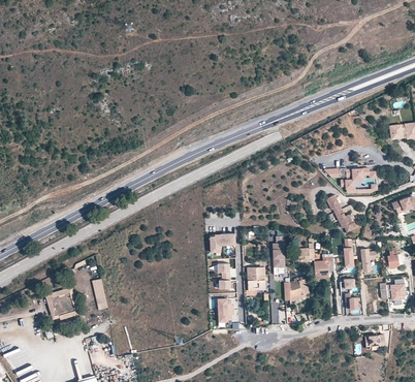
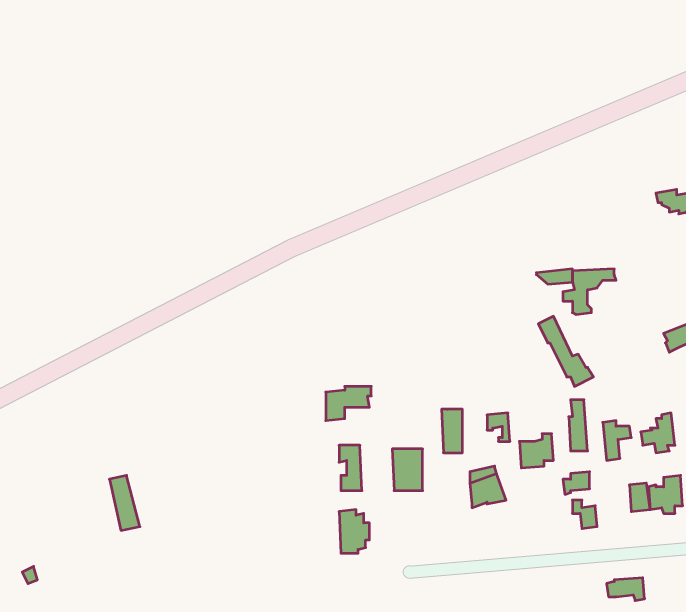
building: [52,294,76,317] -> none

